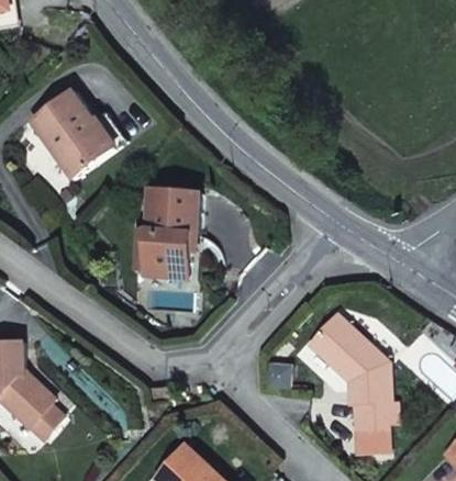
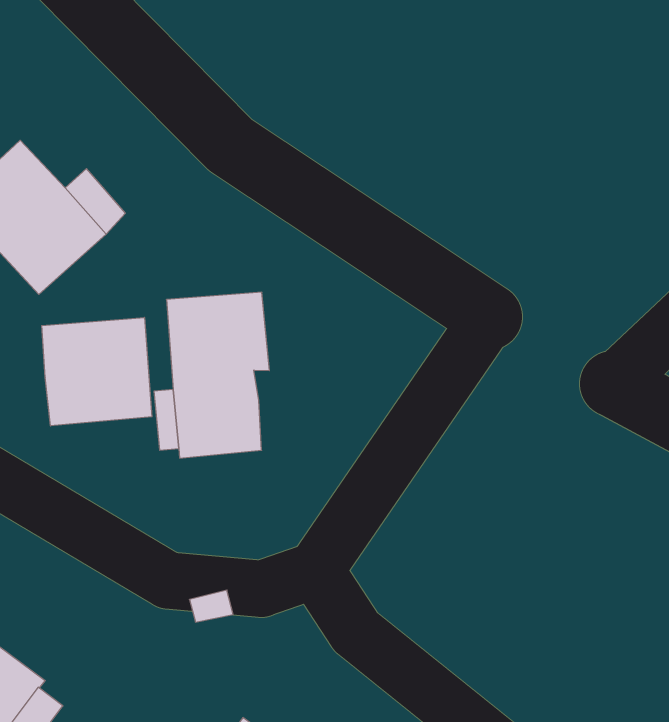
building: none -> [42,317,152,426]
building: [309,316,399,438] -> none

